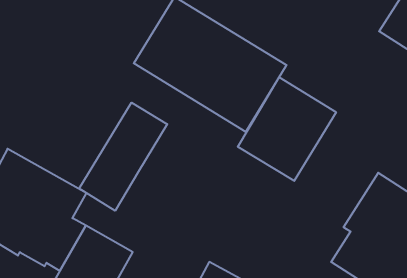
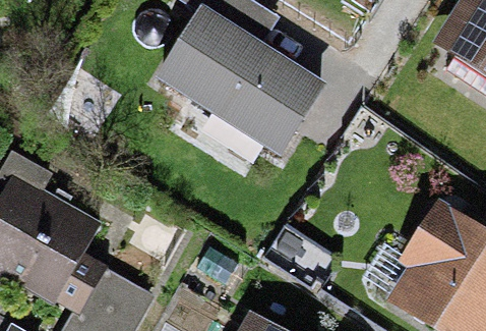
building: [238,77,336,181] -> none
building: [79,103,167,211] -> none

